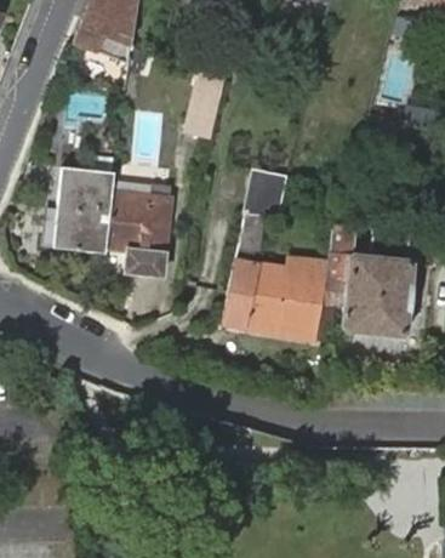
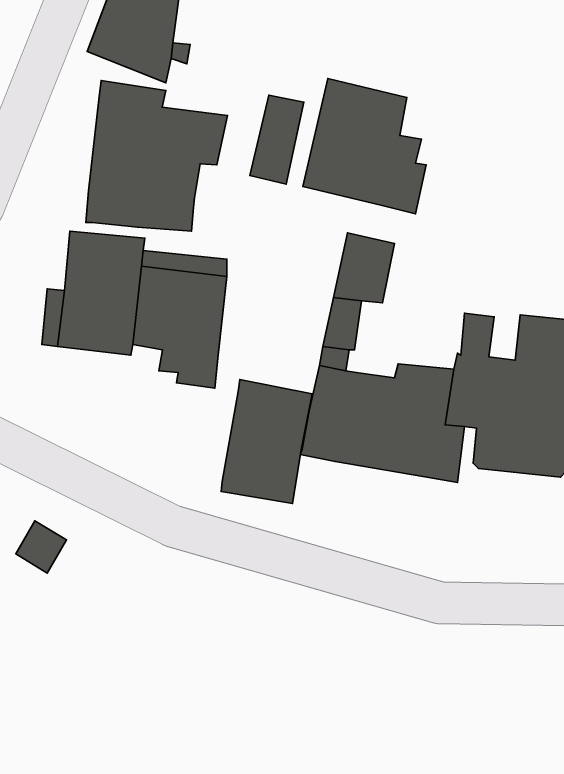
building: none -> [303,79,426,214]
building: none -> [86,81,228,231]
building: none -> [221,380,312,504]

